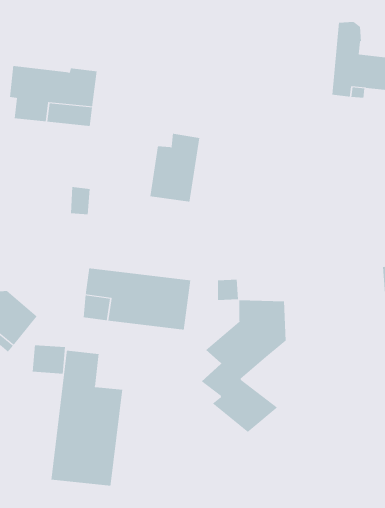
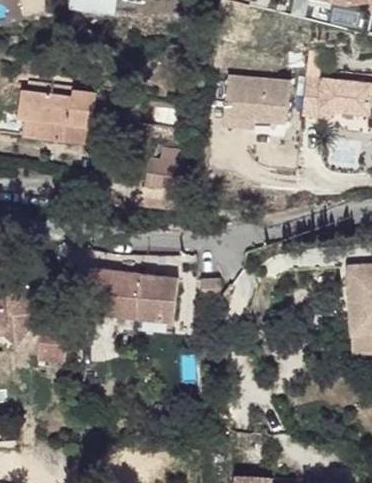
building: none -> [223,75,290,127]
building: [201,299,286,433] -> none
building: [51,350,123,486] -> none

